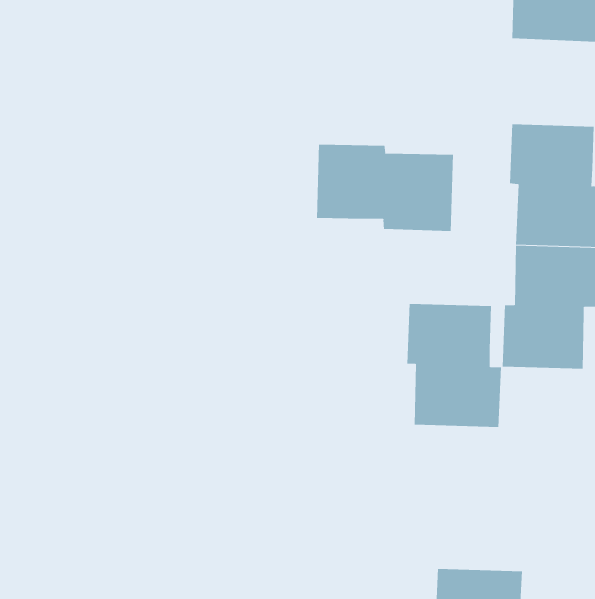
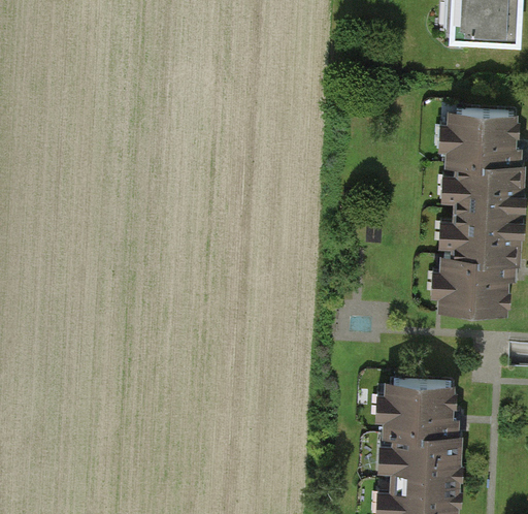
building: [317,144,453,232] -> none
building: [406,304,502,427] -> [378,382,458,485]

